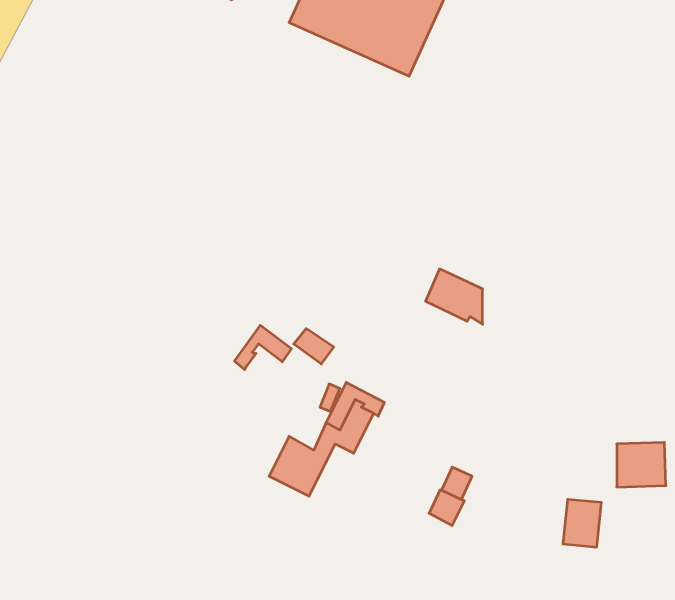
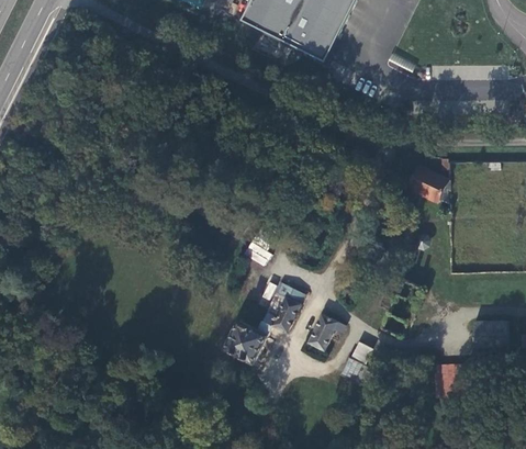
building: [426,269,483,324] -> [407,166,448,205]
building: [235,325,291,370] -> none
building: none -> [307,312,346,348]

